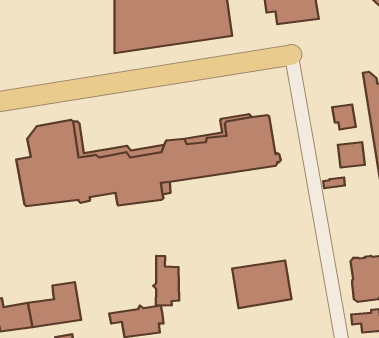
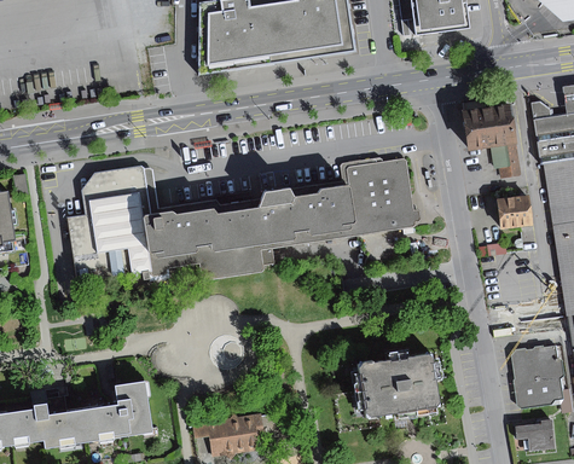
building: none -> [464,103,518,149]
building: [153,256,179,306] -> none

